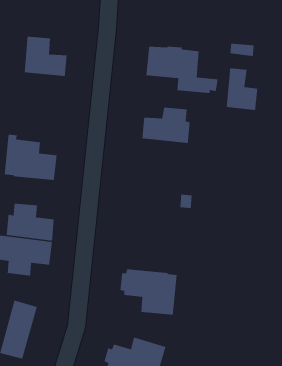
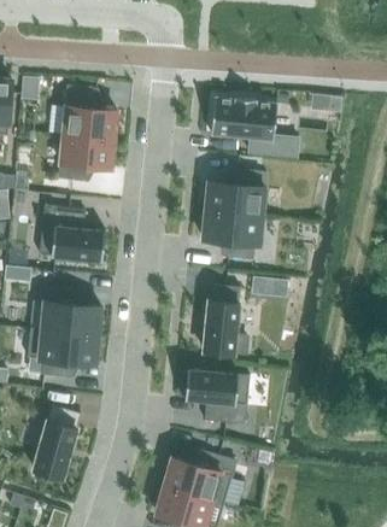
building: [226,67,258,111] -> none
building: none -> [59,133,115,181]
building: none -> [204,211,263,256]
building: none -> [206,283,248,352]

